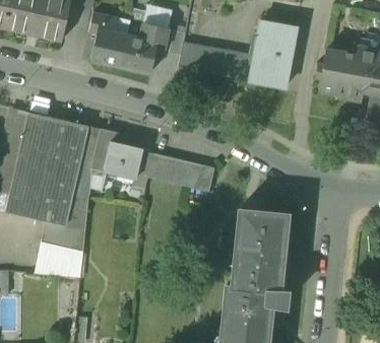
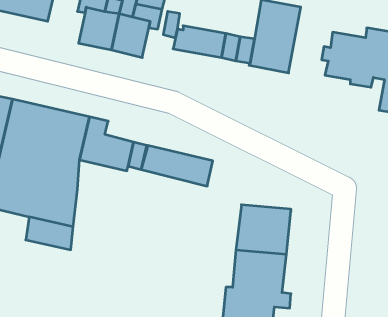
building: [35,242,82,277] -> none

